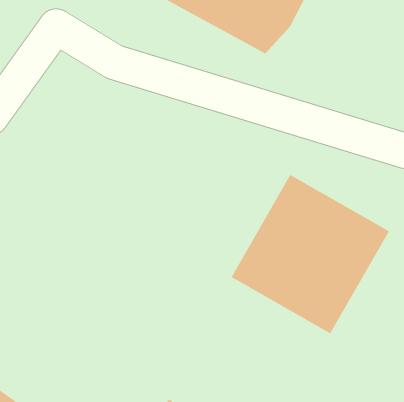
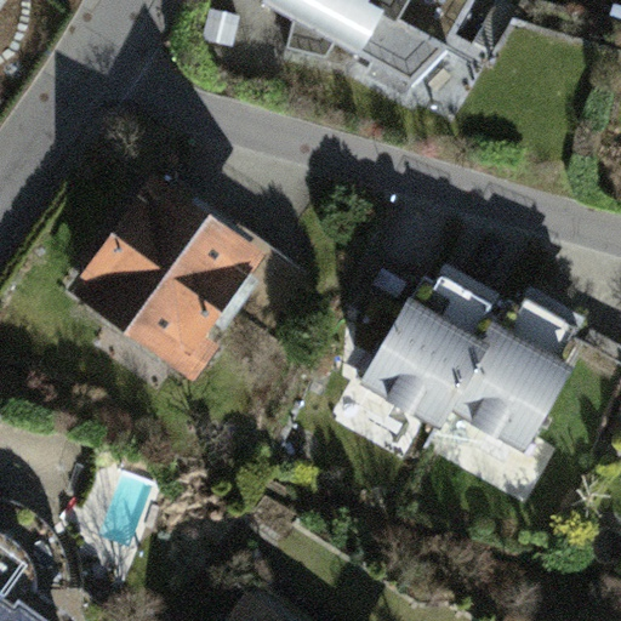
building: none -> [58,167,279,391]

